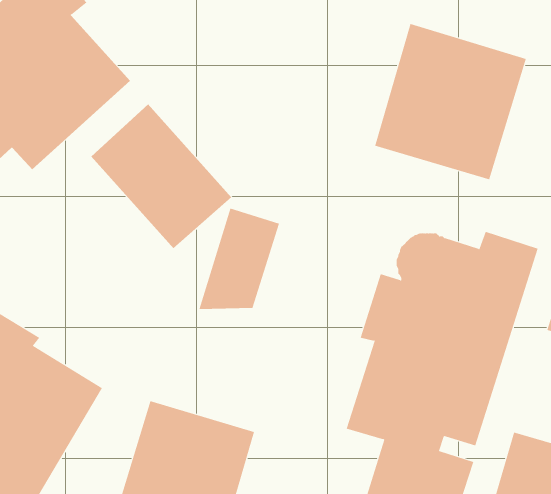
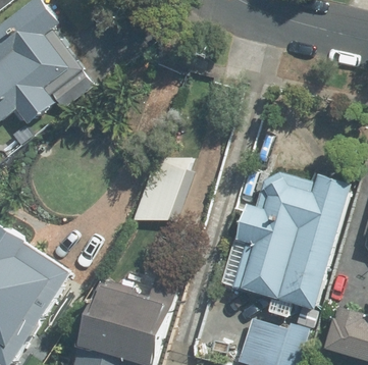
building: [374,23,527,180] -> none
building: [91,103,232,249] -> none

